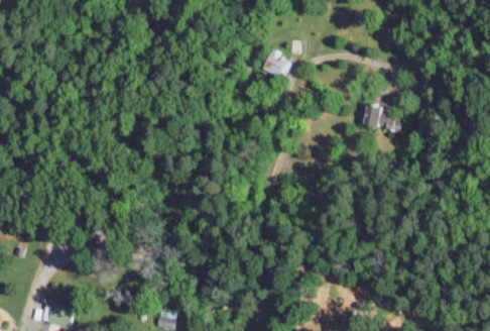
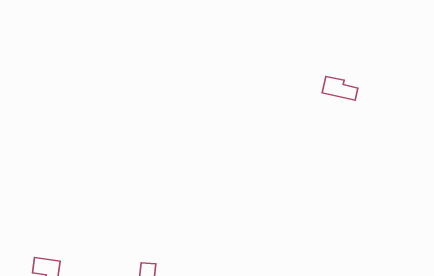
building: [262,47,291,78] -> none

